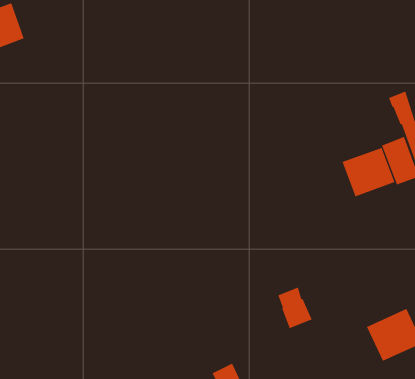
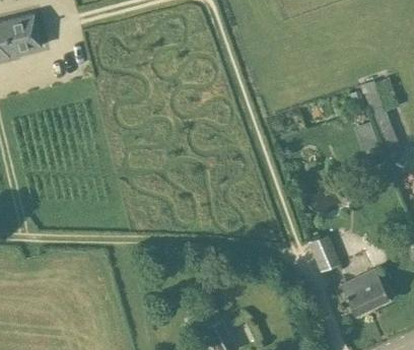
building: [342,147,395,197] -> none
building: [278,287,312,329] -> [309,238,340,275]

